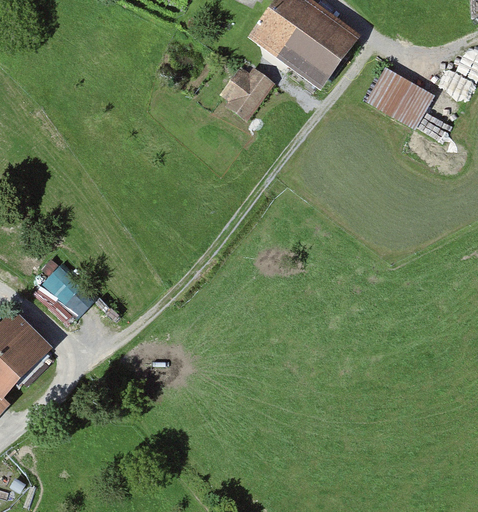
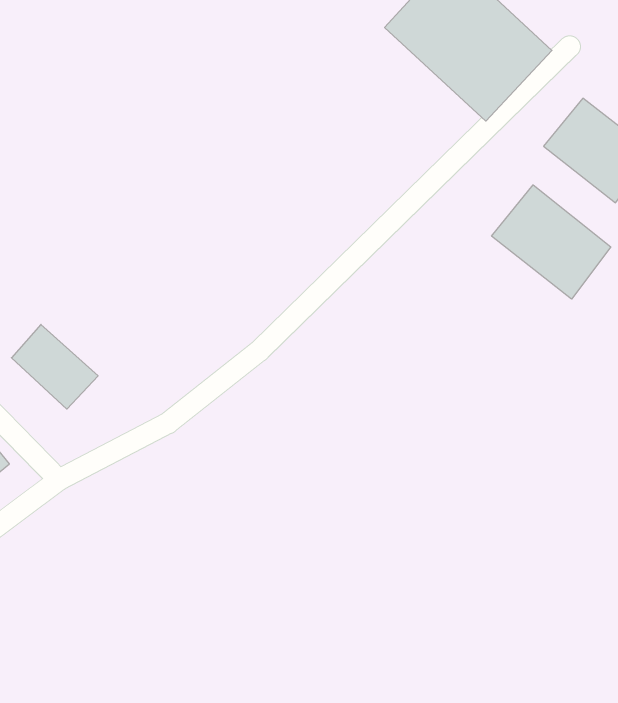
building: [216,66,275,123] -> none
building: none -> [492,185,611,299]

